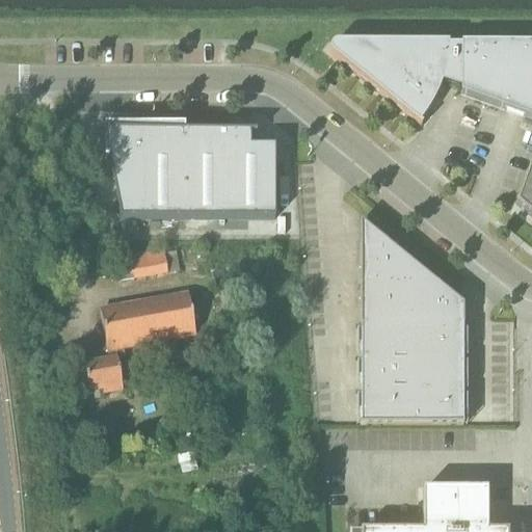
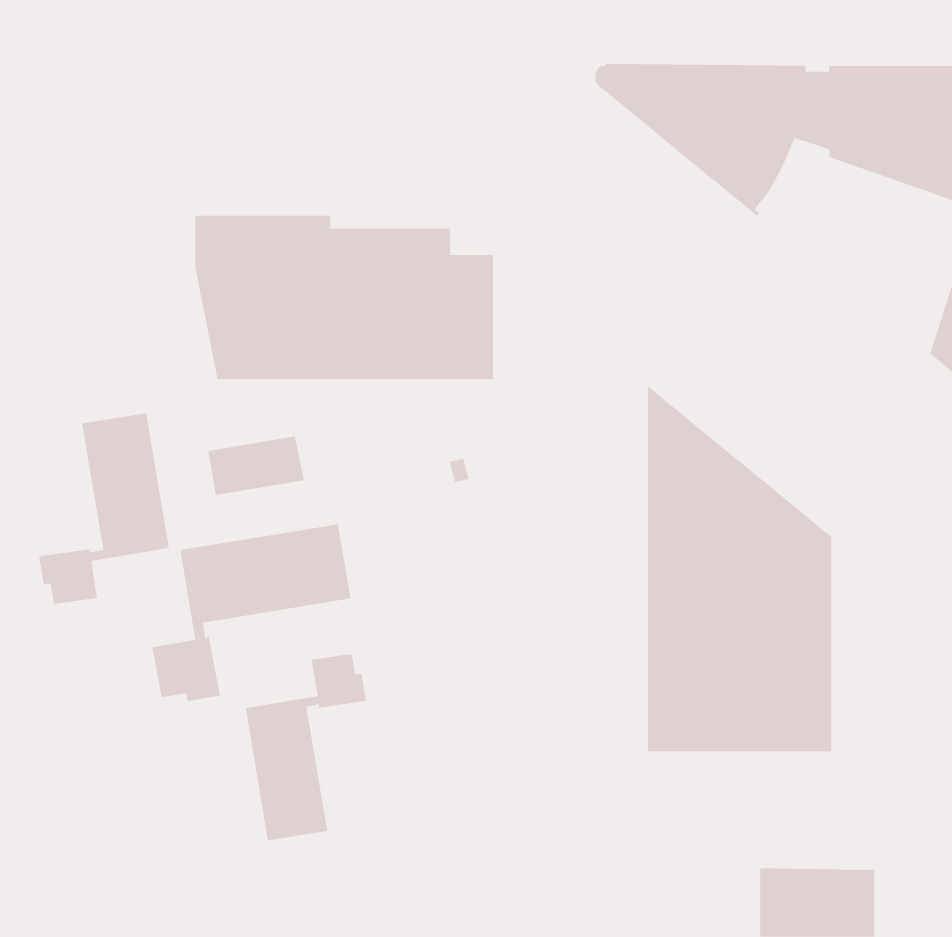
building: none -> [39,413,169,605]
building: none -> [245,653,366,841]

